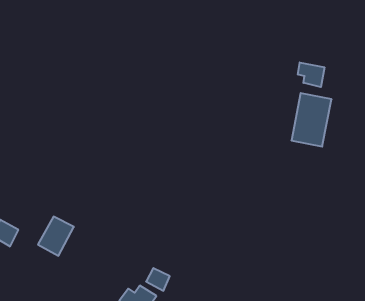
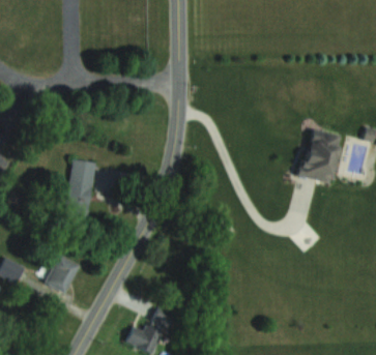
building: [298,62,324,87] -> none
building: none -> [65,158,95,215]

